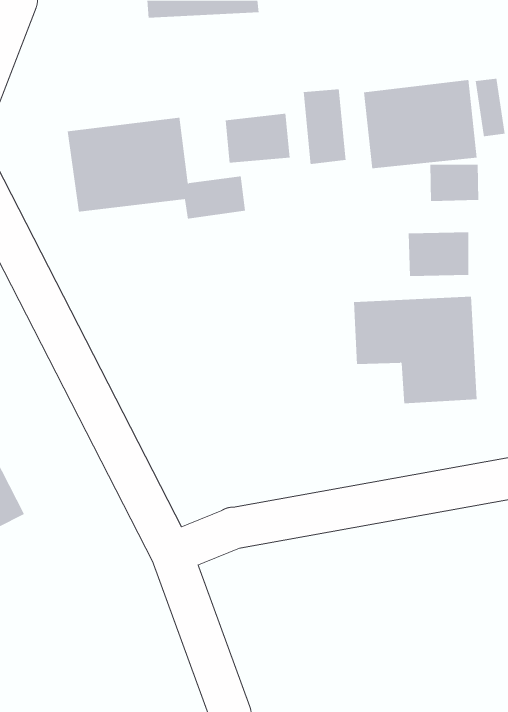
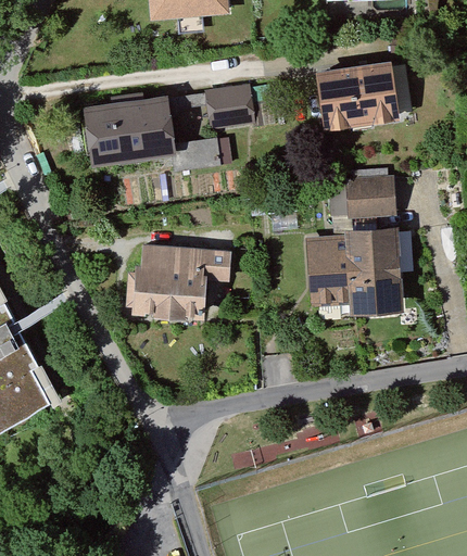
building: [303,89,346,165] -> none
building: [430,164,479,202] -> none
building: none -> [130,240,230,315]

